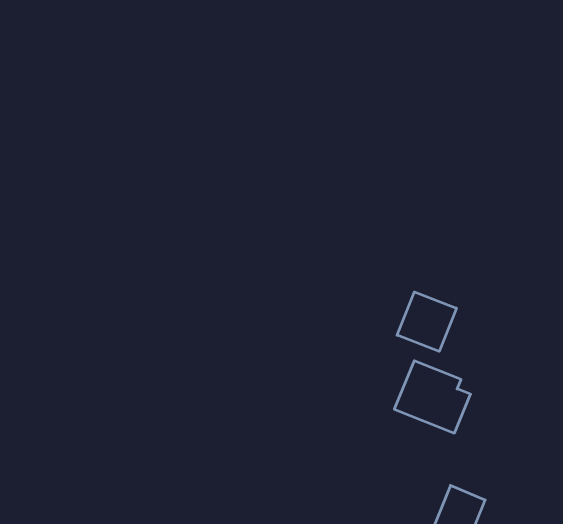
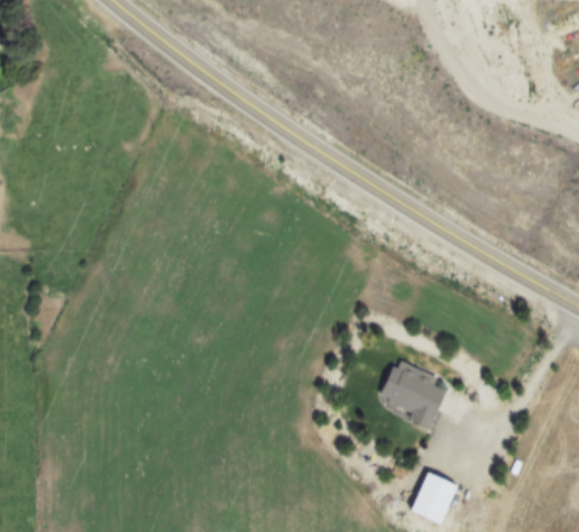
building: [397,292,456,351] -> none

